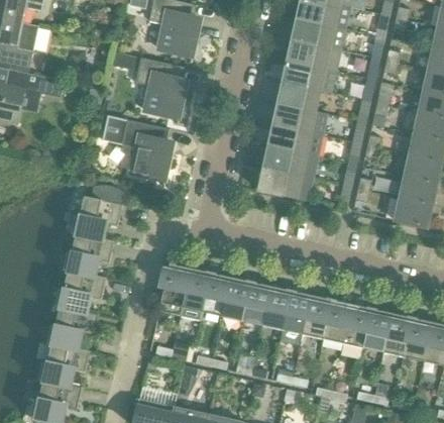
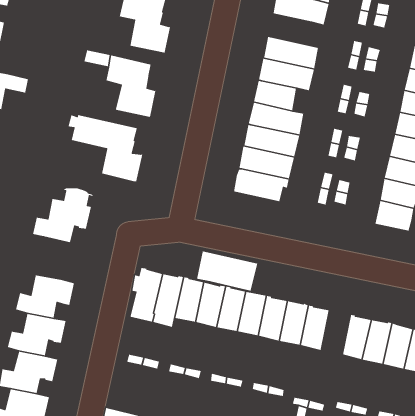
building: [291,17,345,49] -> none
building: [55,232,113,274] -> none
building: none -> [196,251,258,291]
building: [342,303,370,346] -> none

